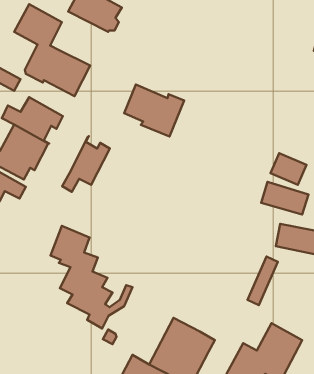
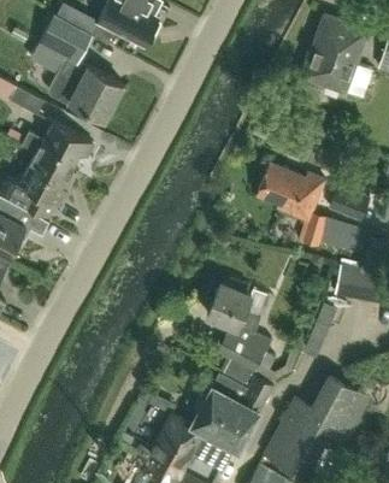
building: none -> [303,16,365,92]
building: [124,85,184,136] -> [257,163,325,222]
building: [62,136,110,192] -> none
building: [50,226,133,328] -> [206,282,300,399]

